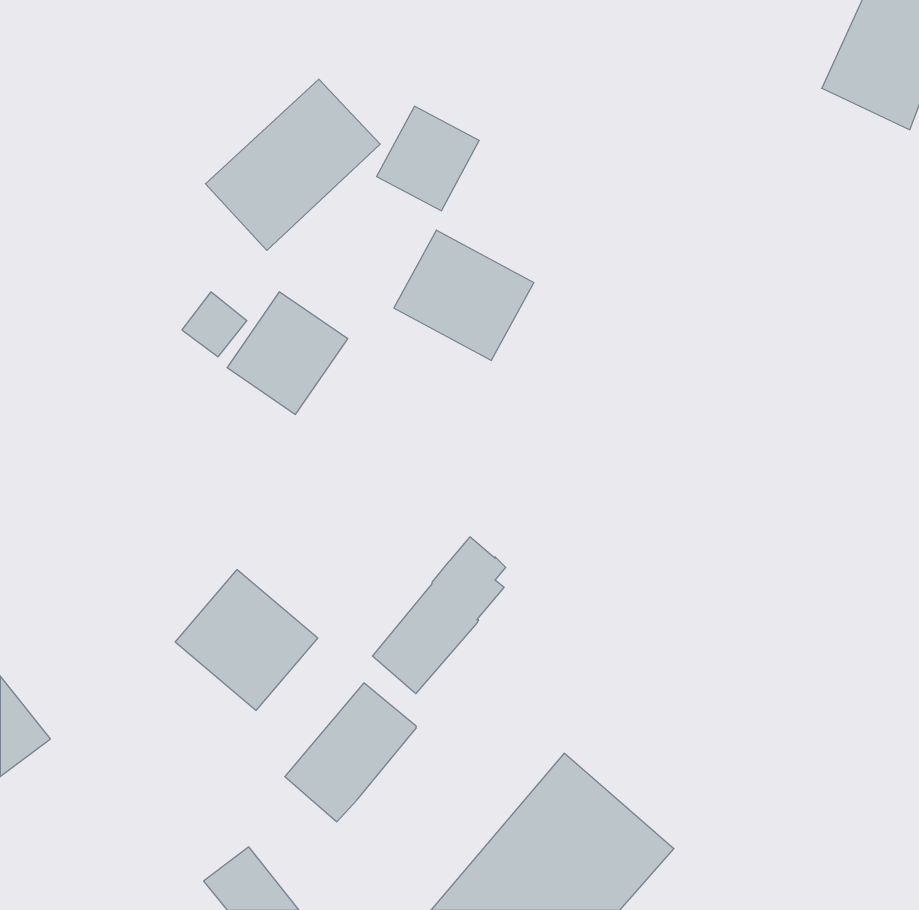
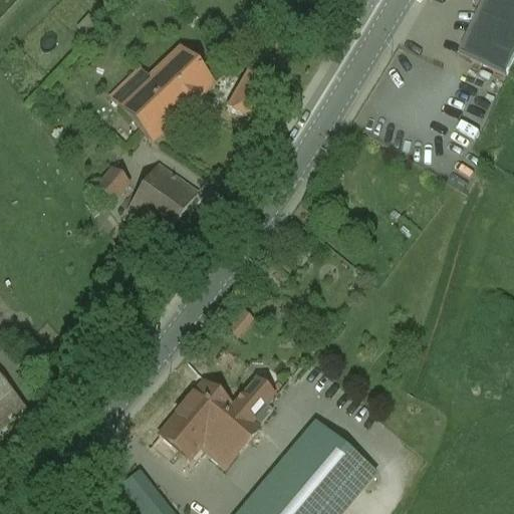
building: [394,230,534,361] -> none
building: [372,537,506,694] -> [200,379,274,467]
building: [175,570,318,710] -> none

